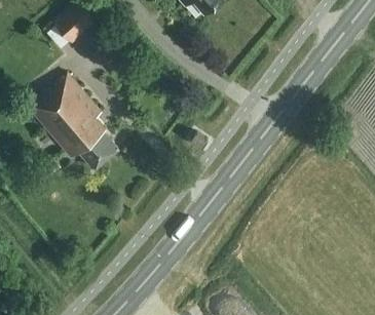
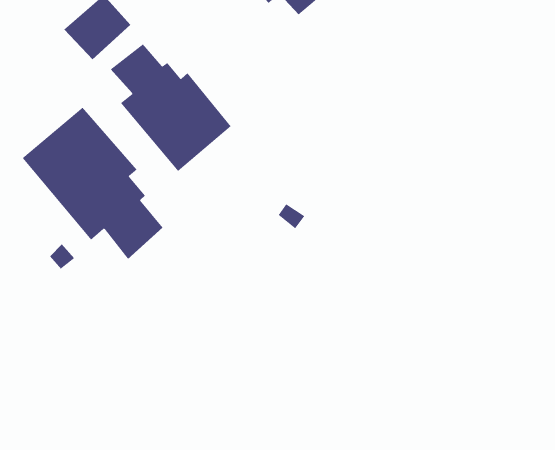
building: none -> [110,43,232,172]

